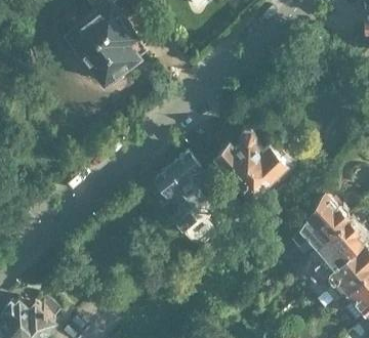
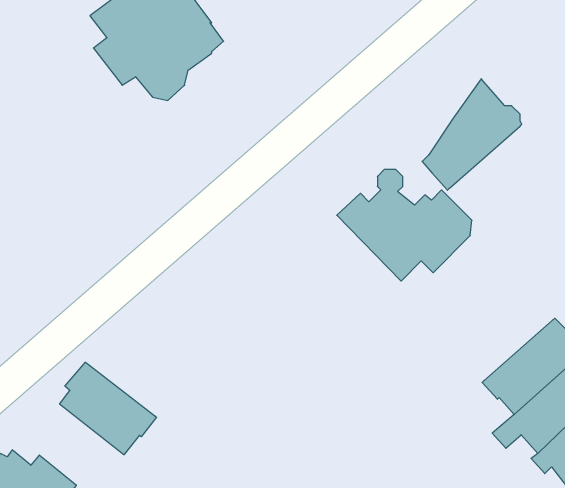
building: [155,150,214,235] -> none
building: [289,189,350,257] -> [422,79,522,190]
building: none -> [60,362,157,455]

